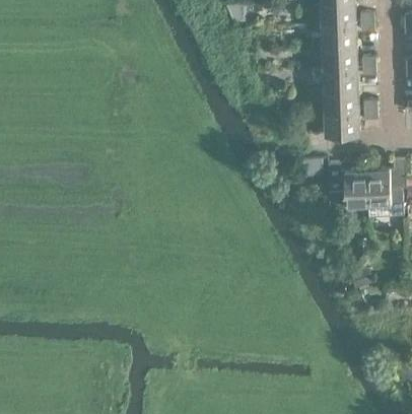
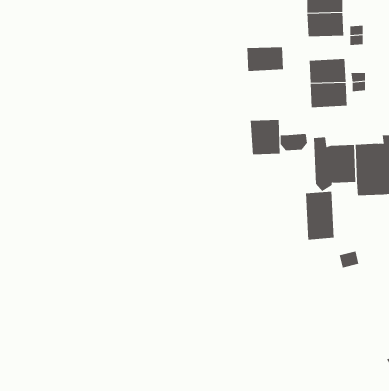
building: [323,67,358,90] -> [246,47,284,72]
building: none -> [250,119,280,155]
building: none -> [306,191,334,240]

